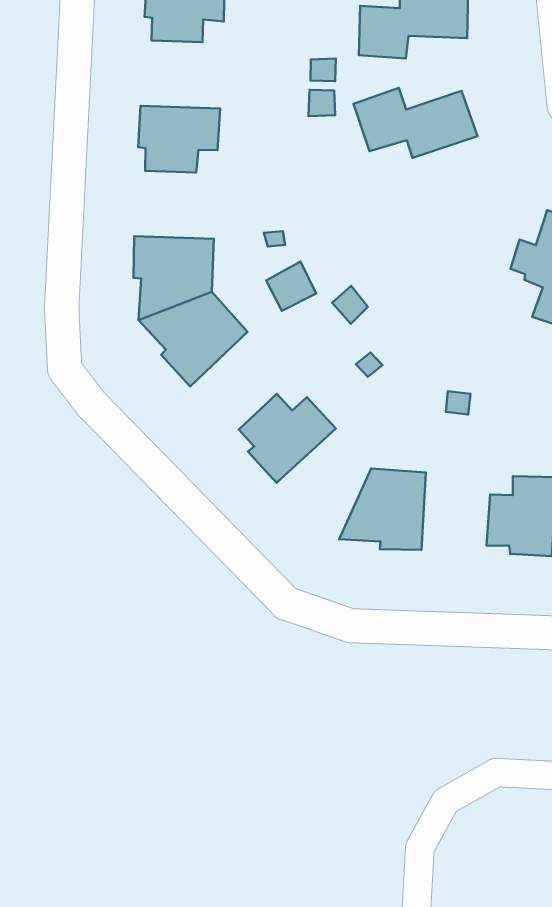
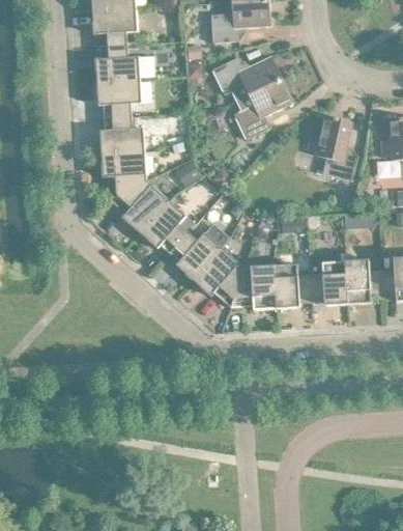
building: none -> [95,44,140,82]
building: none -> [234,79,293,139]
building: none -> [99,115,144,153]
building: none -> [140,199,188,253]
building: none -> [193,247,243,307]
building: none -> [274,263,311,308]

